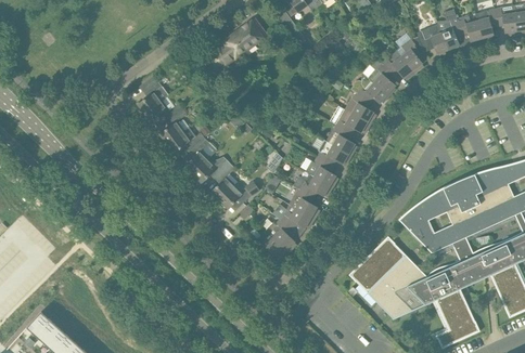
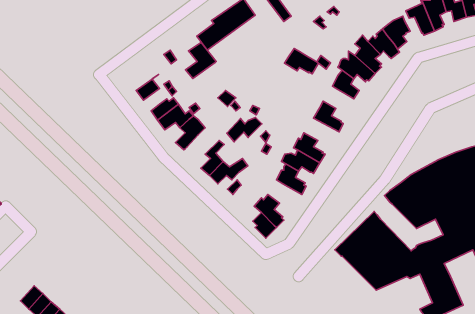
building: [138,76,169,113] -> [185,42,216,78]
building: [336,108,371,134] -> [285,48,319,74]
building: [317,139,353,166] -> none
building: [194,157,230,182] -> [227,117,262,142]
building: [280,204,315,228] -> none

